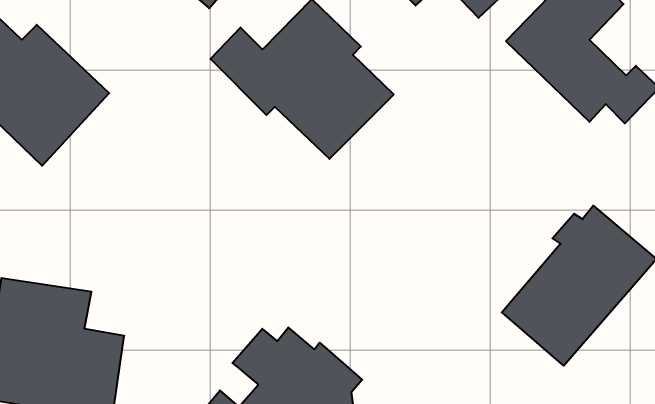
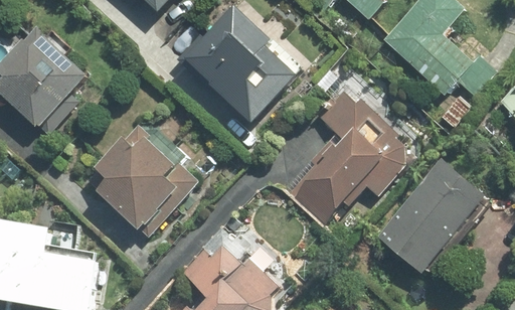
building: none -> [286,89,405,227]
building: none -> [84,117,189,232]

